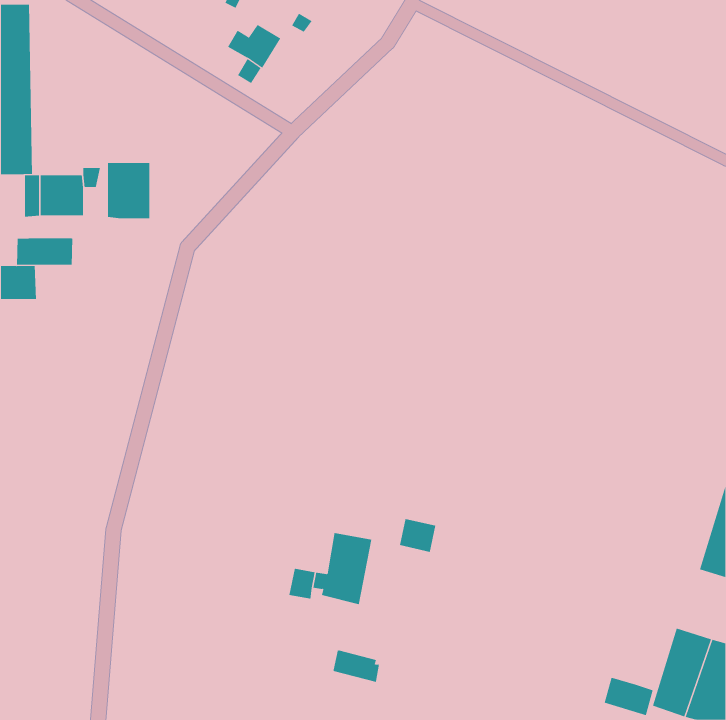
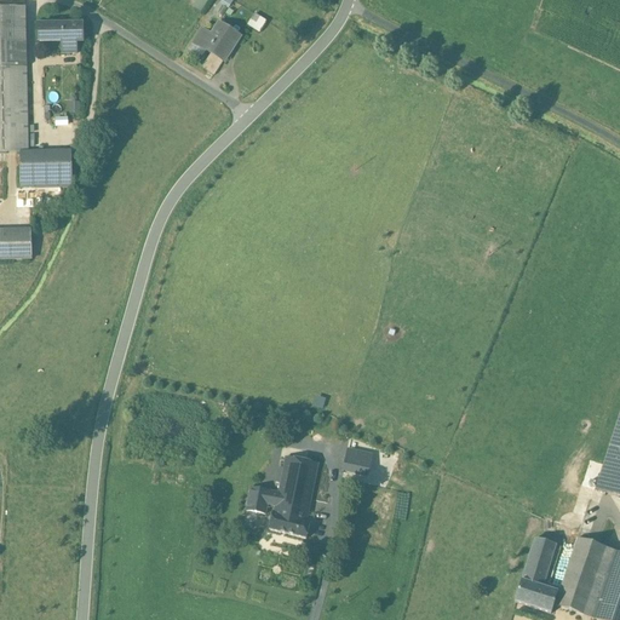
building: none -> [38,21,82,47]
building: [107,162,150,219] -> none
building: [17,237,73,266] -> none
building: none -> [522,535,556,584]
building: [333,650,380,683] -> [269,507,309,535]

